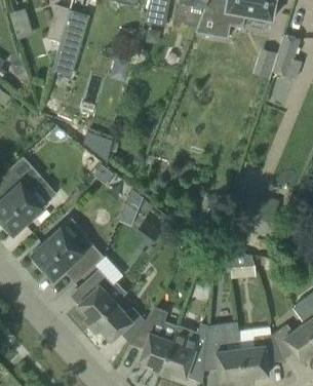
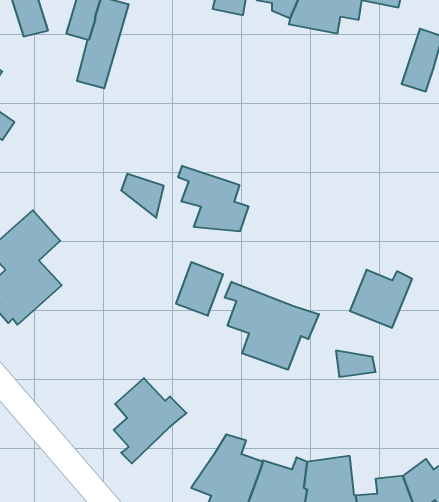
building: none -> [178,166,248,231]
building: none -> [225,282,319,370]
building: [31,227,104,283] -> none
building: [89,302,145,343] -> none

